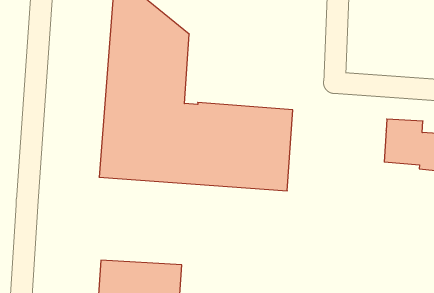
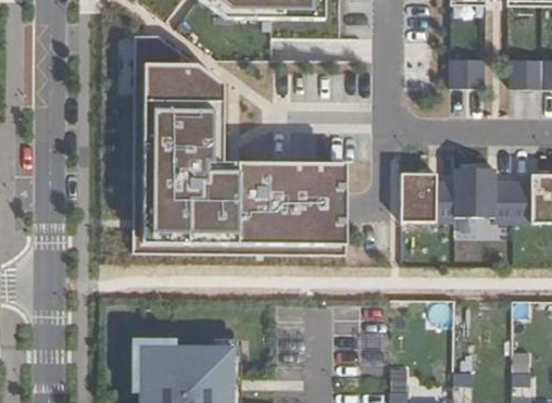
building: none -> [450,58,481,87]
building: none -> [402,172,455,221]

